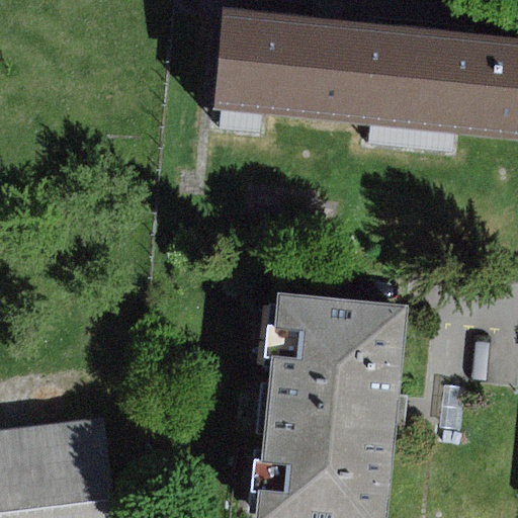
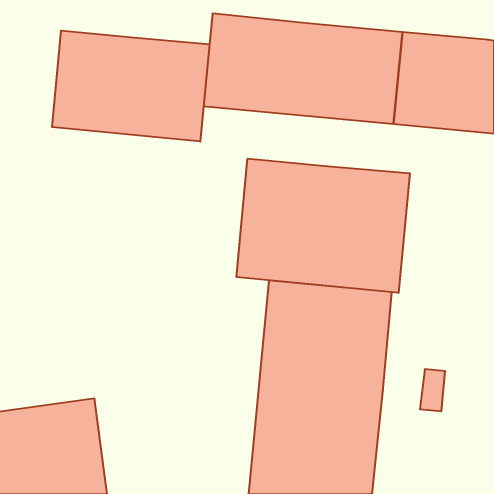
building: none -> [52,31,210,142]
building: none -> [236,159,410,293]

